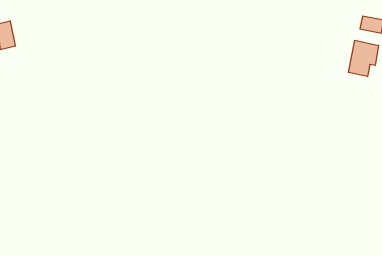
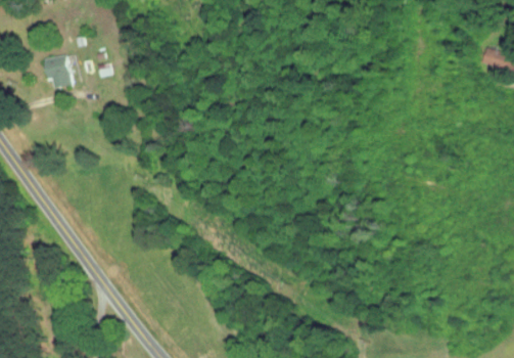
building: [348,40,378,77] -> none

